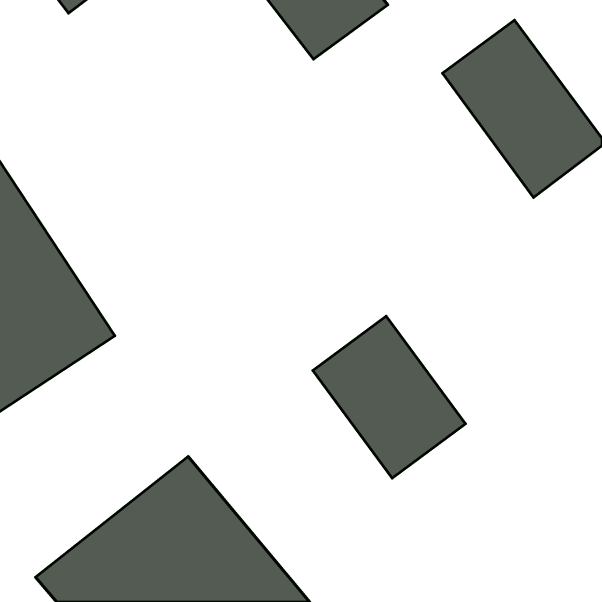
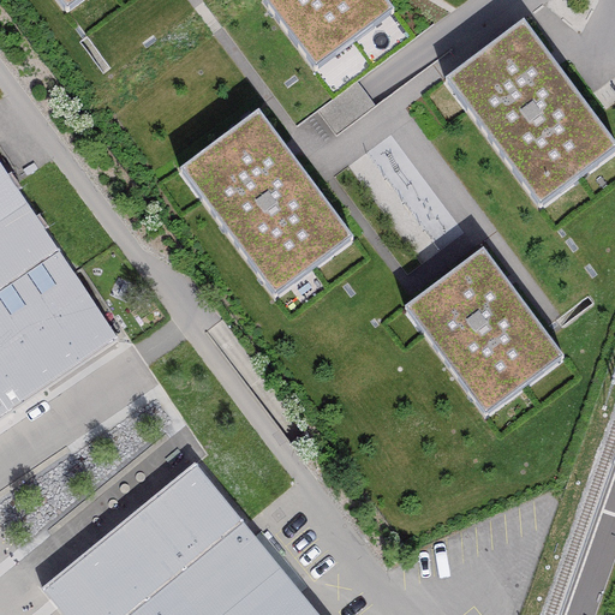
building: none -> [186,113,353,293]
building: [313,316,465,478] -> [410,250,565,414]

